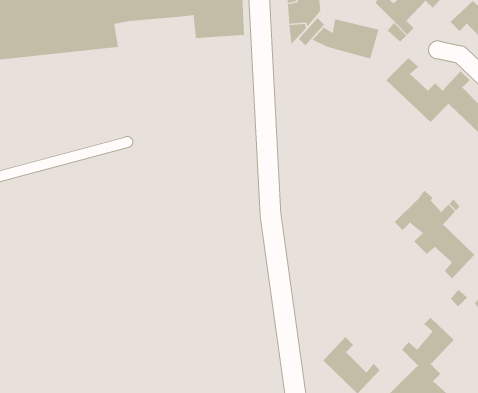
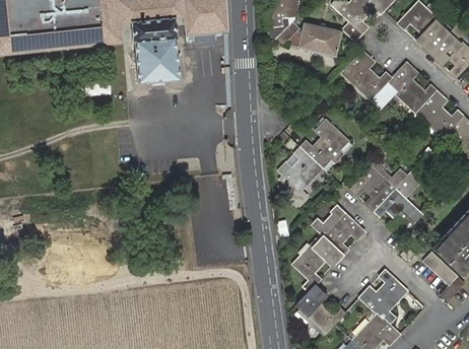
building: none -> [132,19,179,83]
building: none -> [278,119,350,203]
building: none -> [293,206,364,286]

